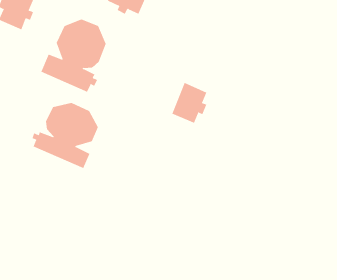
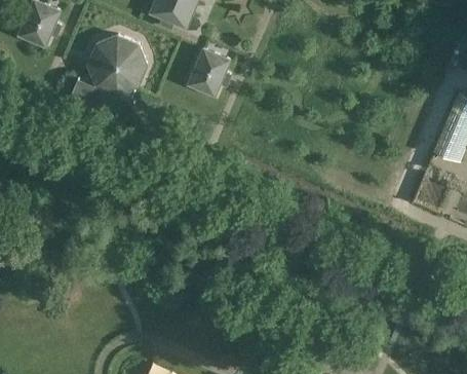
building: [171,82,207,123] -> [188,48,231,98]
building: [32,102,98,169] -> none

